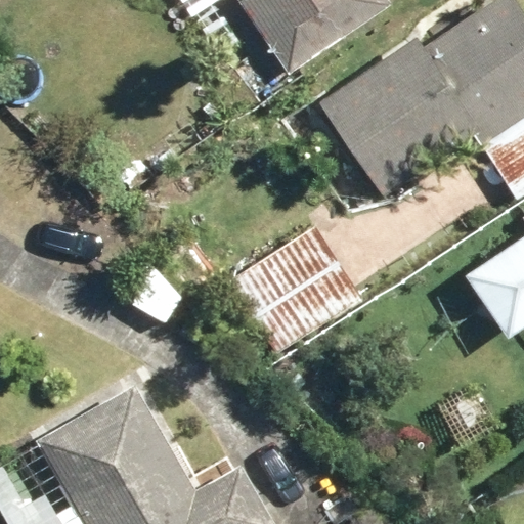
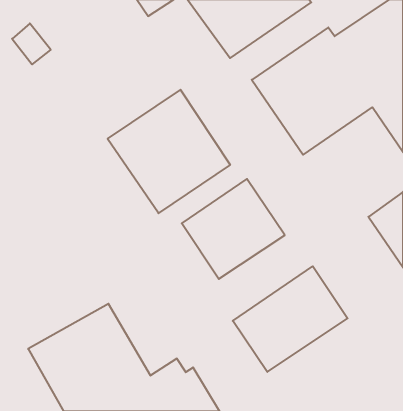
building: none -> [108,90,230,213]
building: none -> [233,266,348,372]

